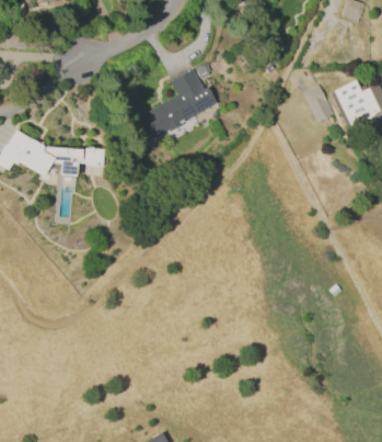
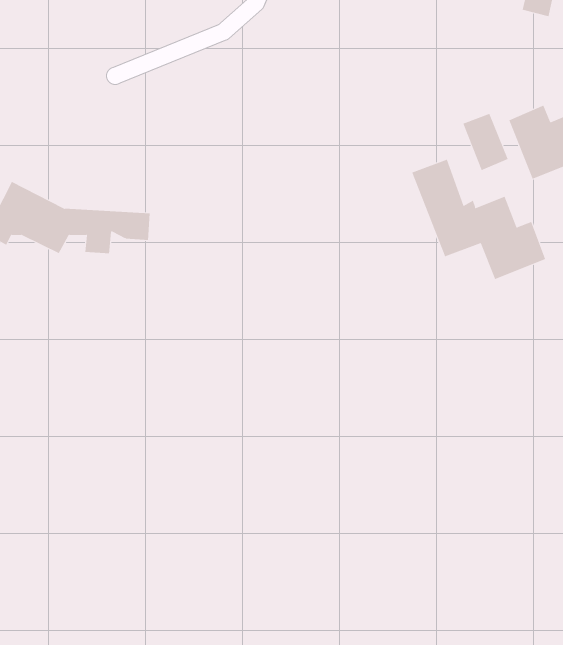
building: [136,69,218,137] -> none
building: none -> [412,159,546,280]

